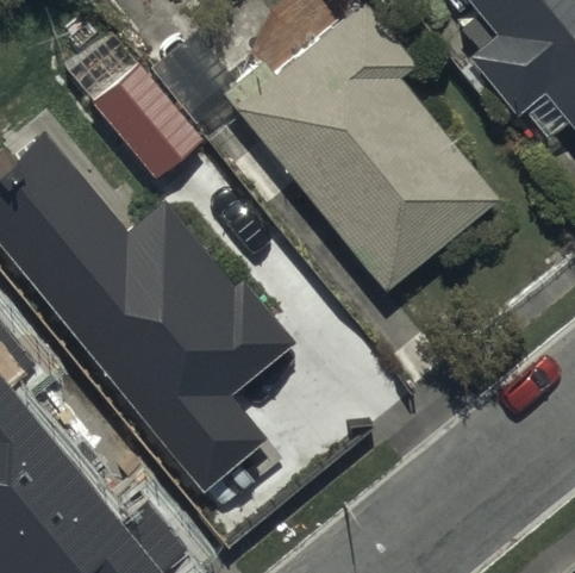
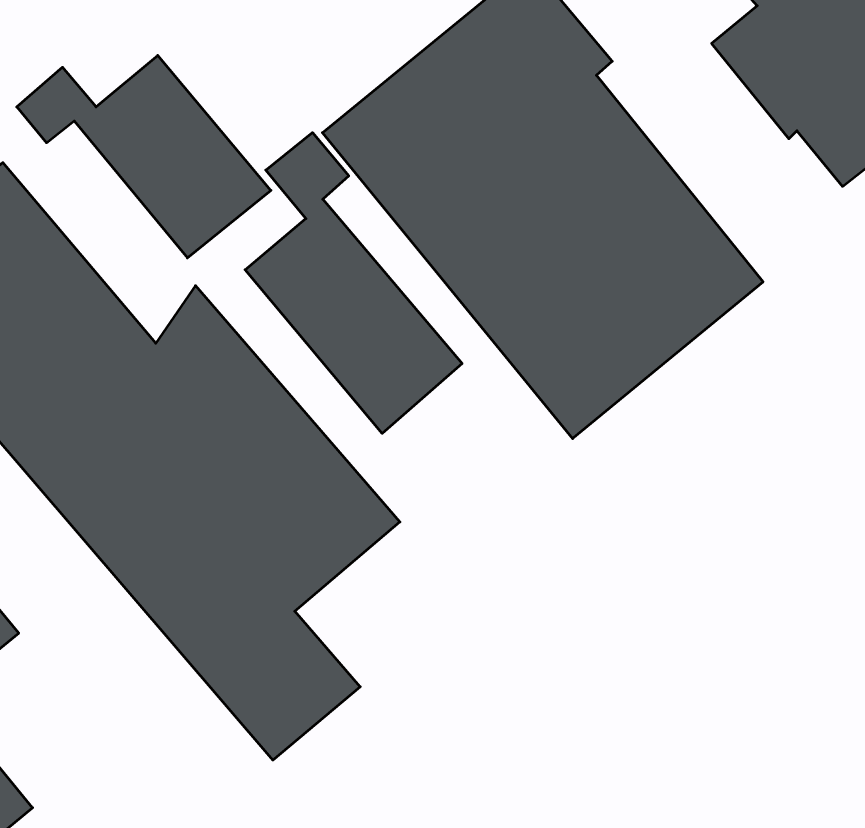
building: none -> [245,133,462,433]

